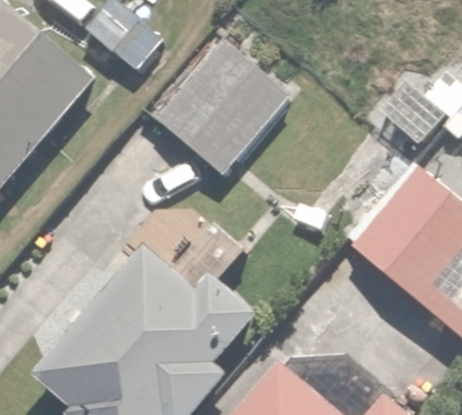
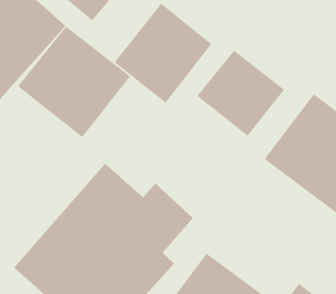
building: none -> [17,26,131,138]
building: none -> [197,50,285,137]

